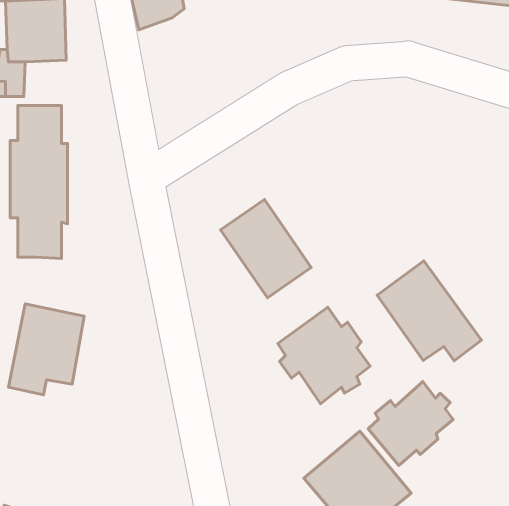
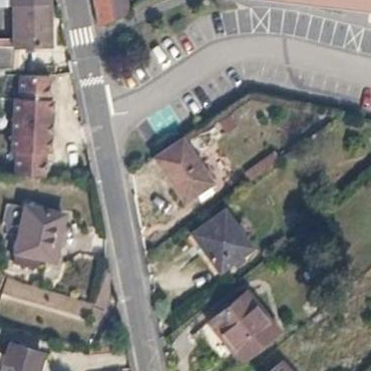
building: [377,261,481,361] -> none
building: [368,381,453,465] -> none

